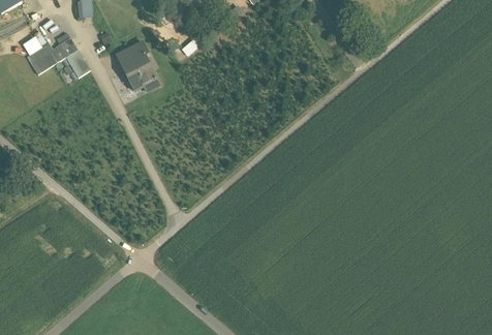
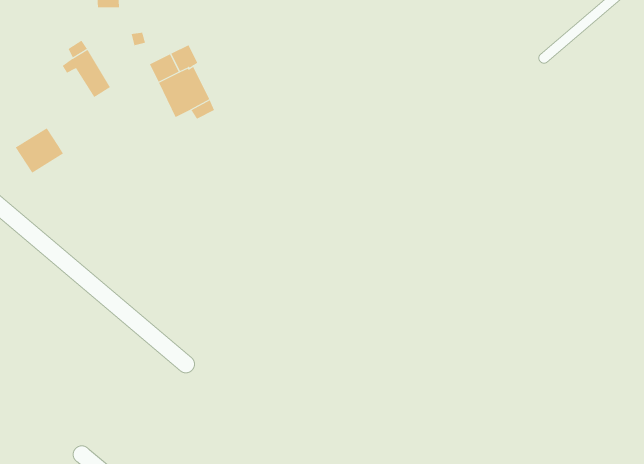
building: [25,42,58,73] -> [15,127,64,173]

